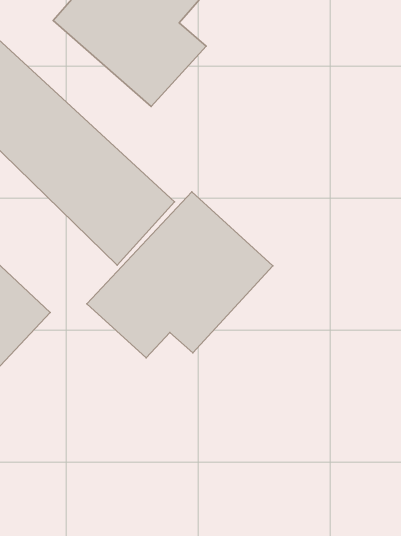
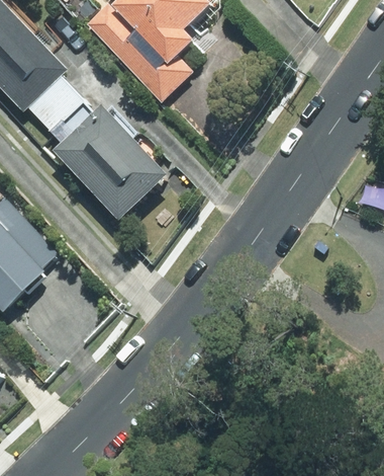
building: [87,192,273,358] -> none

